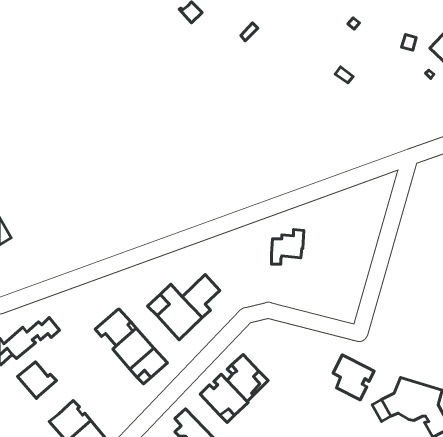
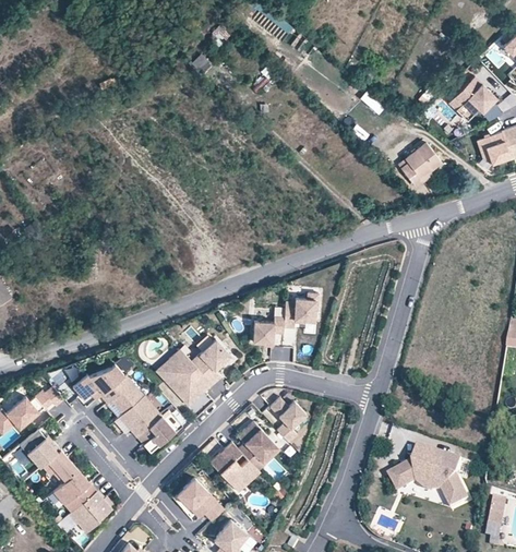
building: none -> [397,143,442,189]
building: none -> [253,317,284,345]
building: none -> [72,364,124,401]
building: none -> [269,398,305,443]
building: [333,355,374,400] -> none
building: none -> [41,449,77,484]

